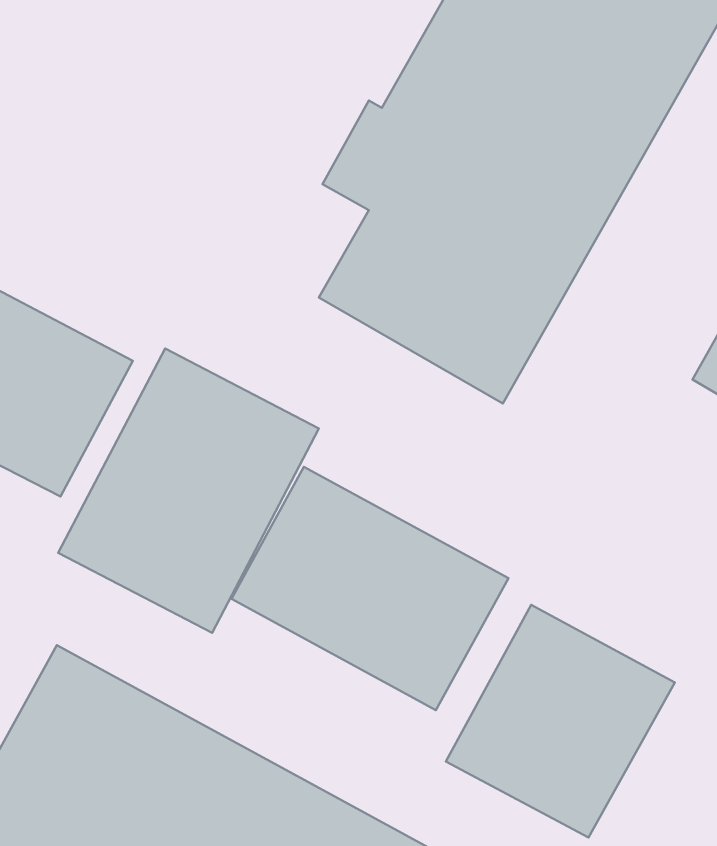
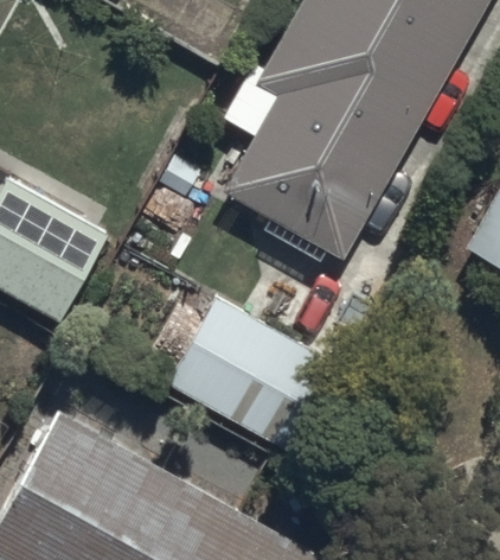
building: [58,348,319,633] -> none
building: [446,605,675,838] -> none

